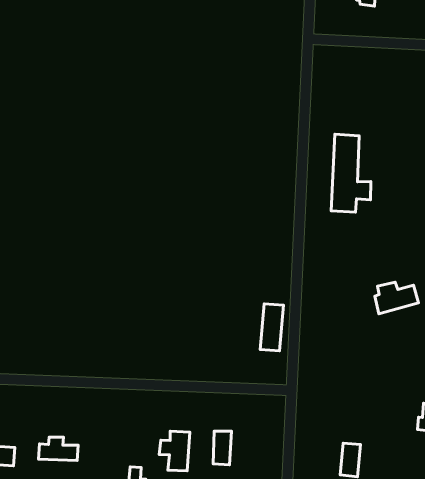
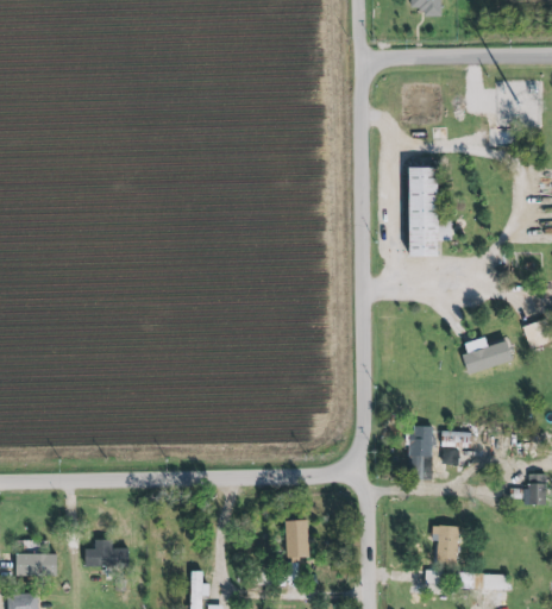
building: [260,304,283,351] -> [409,426,433,479]
building: none -> [441,431,471,465]
building: [159,431,190,471] -> none

